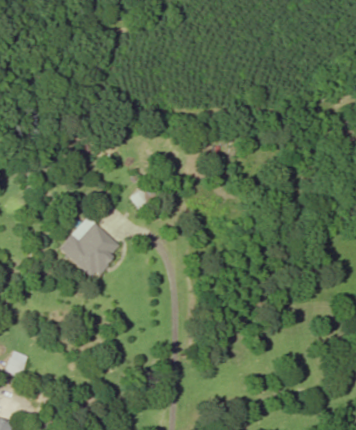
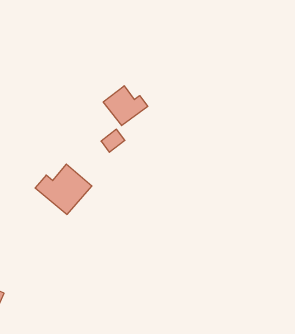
building: none -> [103,86,148,126]

